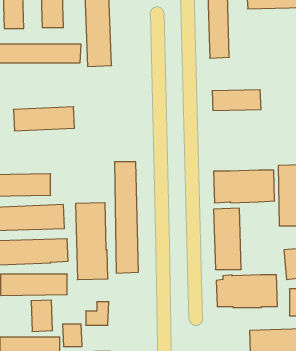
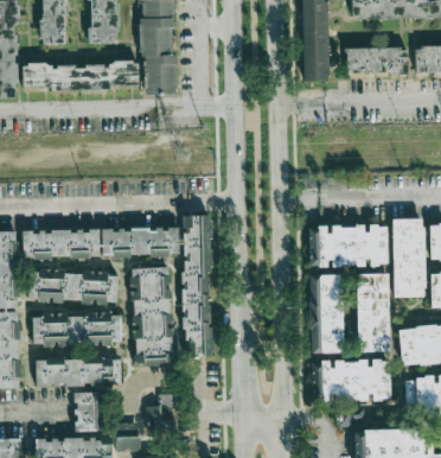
building: [212,90,261,110] -> [345,47,408,74]
building: [13,107,75,131] -> [101,227,179,257]
building: none -> [356,273,389,352]

